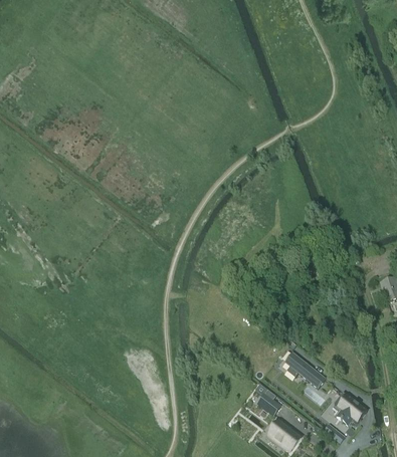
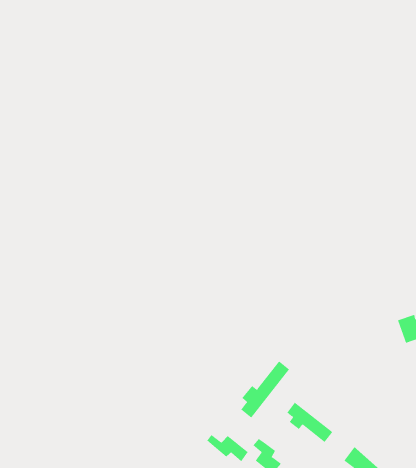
building: none -> [240,361,290,418]
building: none -> [207,434,248,462]

